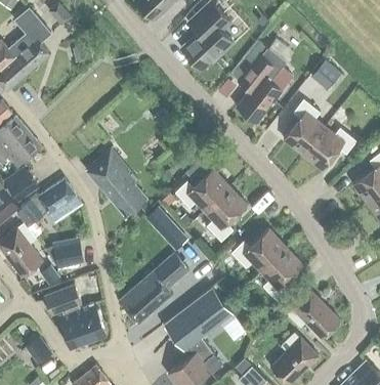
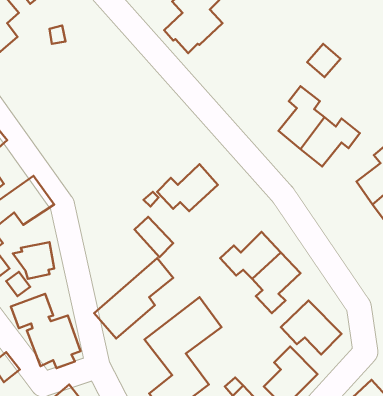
building: [237,47,294,123] -> none
building: [86,147,146,216] -> none
building: [204,186,247,242] -> none

